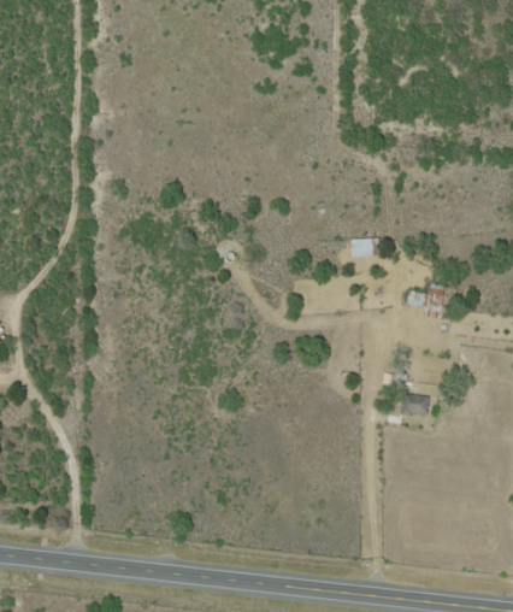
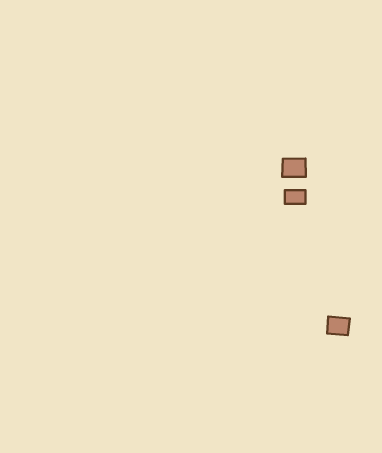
building: none -> [282,159,306,177]

